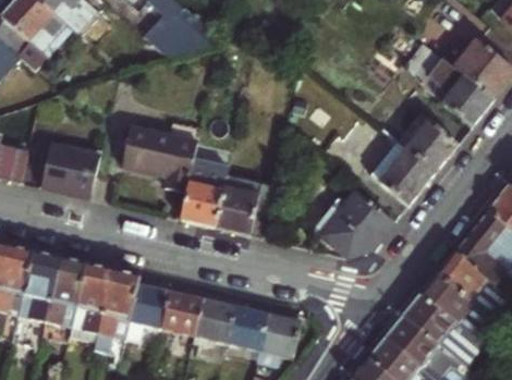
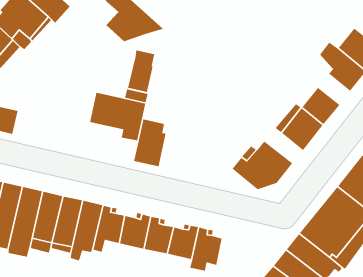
building: none -> [127,50,155,93]
building: [40,144,99,198] -> none
building: [215,176,271,236] -> none

